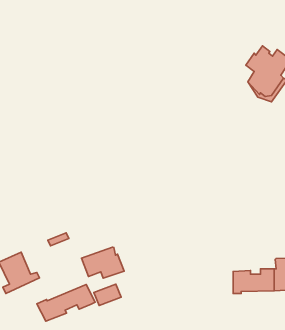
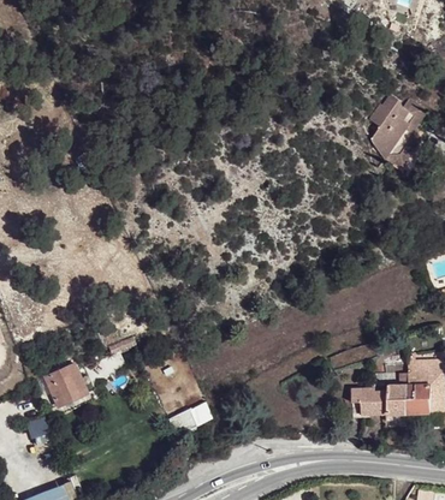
building: [81,247,124,278] -> none
building: [37,285,95,321] -> none

